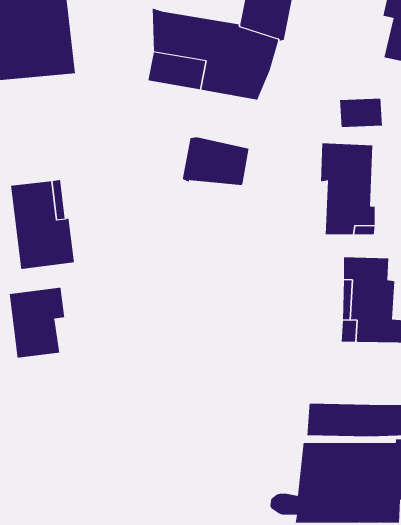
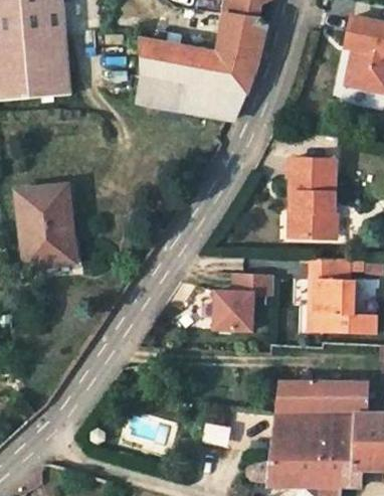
building: [340,98,382,128] -> none
building: [182,136,249,186] -> none
building: none -> [212,273,270,329]
building: [9,287,65,358] -> none

